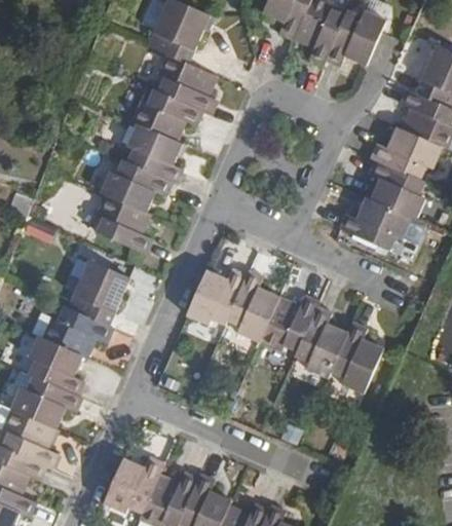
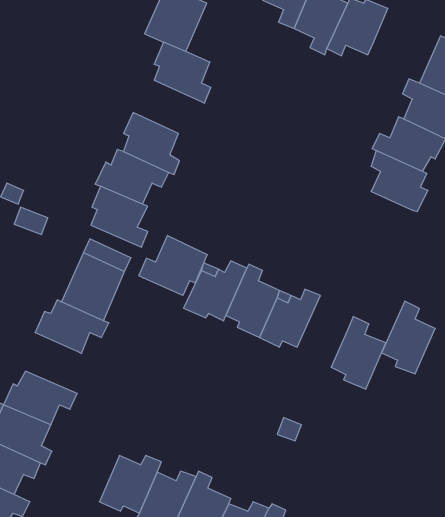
building: [131,87,202,141] -> none
building: [339,197,410,250] -> none
building: none -> [139,235,207,295]
building: [295,305,347,376] -> [382,301,435,374]
building: [27,335,84,394] -> none

